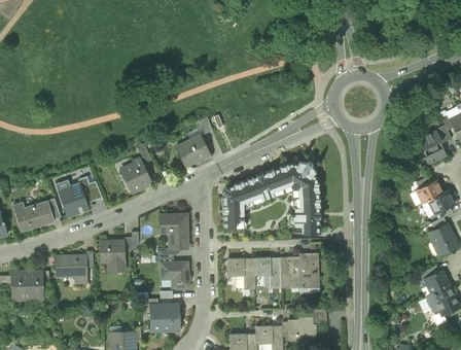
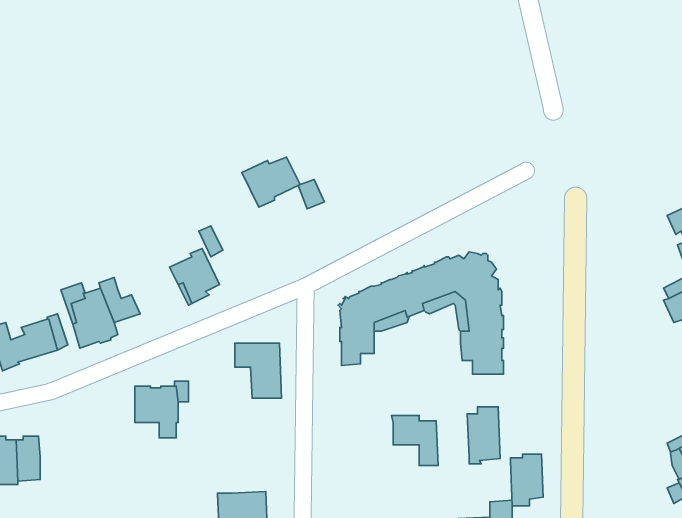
building: [175,137,210,167] -> [242,157,300,207]
building: [55,255,87,282] -> none
building: [280,257,299,288] -> [511,454,543,506]
building: [226,258,254,290] -> none
building: [161,261,188,288] -> none

